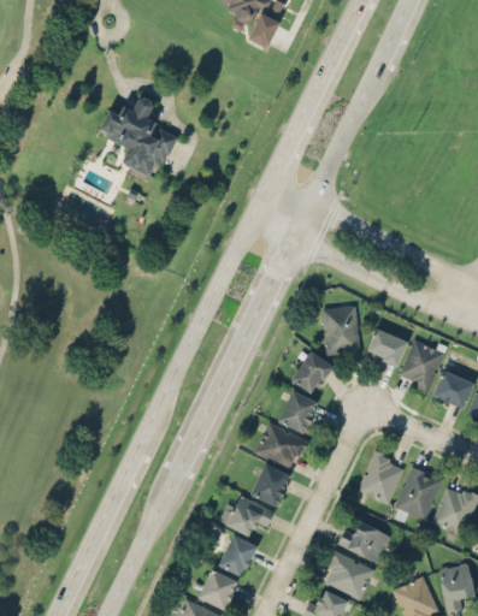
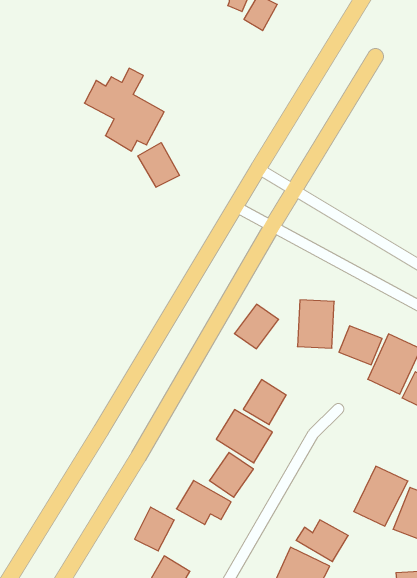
building: none -> [138,143,179,187]
building: [291,351,334,395] -> [234,304,279,349]
building: [358,450,407,504] -> none
building: [219,534,256,576] -> [135,507,174,551]

